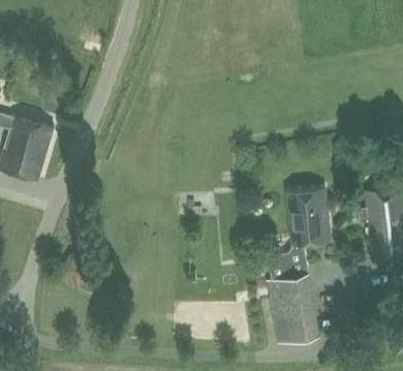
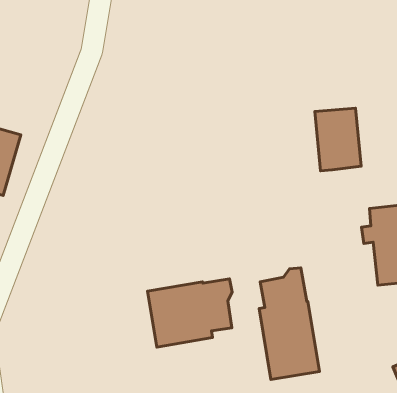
building: [288,191,330,247] -> [315,108,361,171]
building: none -> [147,279,232,347]

